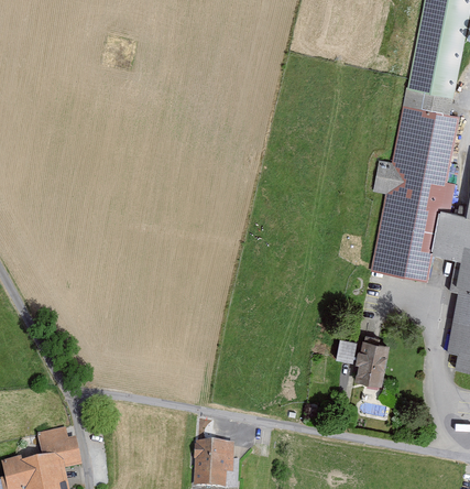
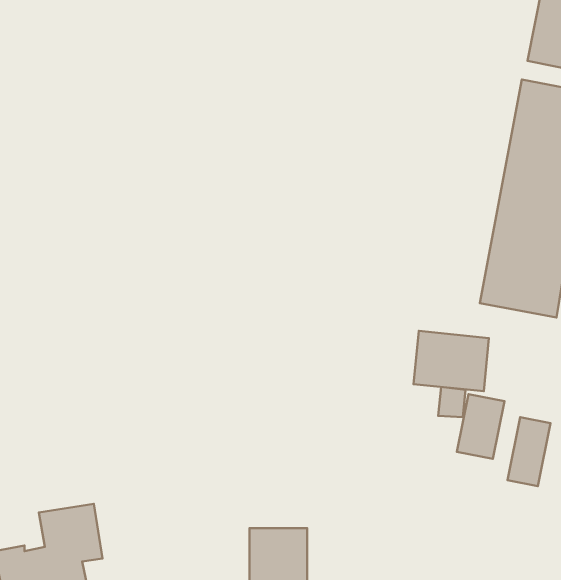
building: none -> [413,331,489,391]
building: none -> [508,417,550,486]

